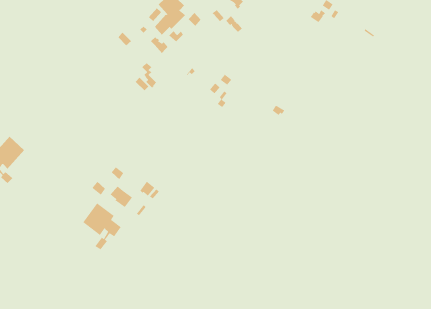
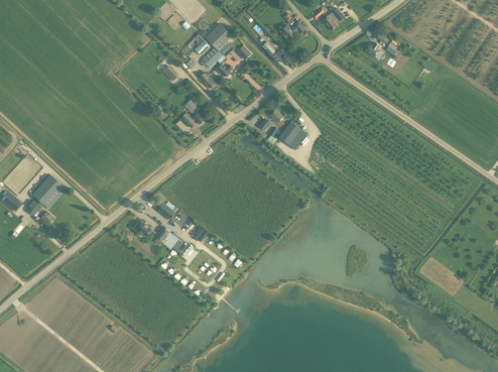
building: none -> [278,121,306,149]
building: [82,202,122,250] -> none

